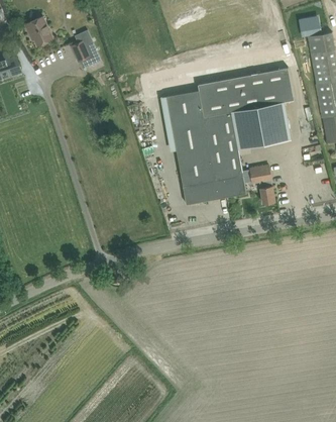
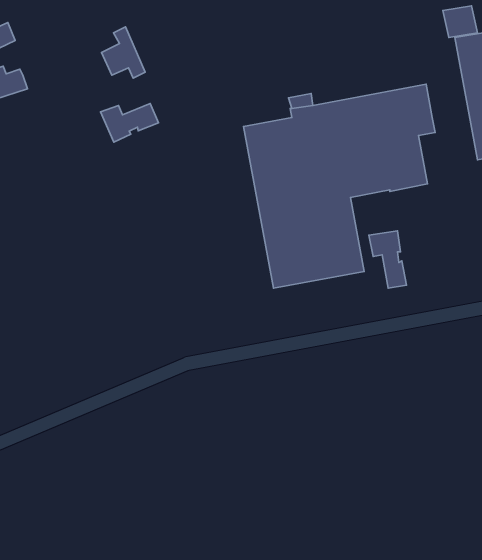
building: [24,16,52,45] -> none
building: none -> [100,104,158,142]

